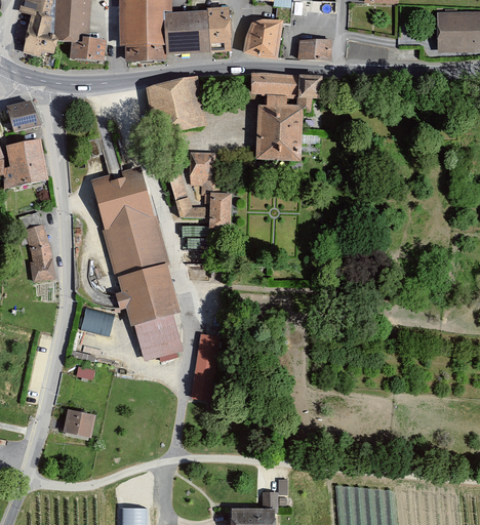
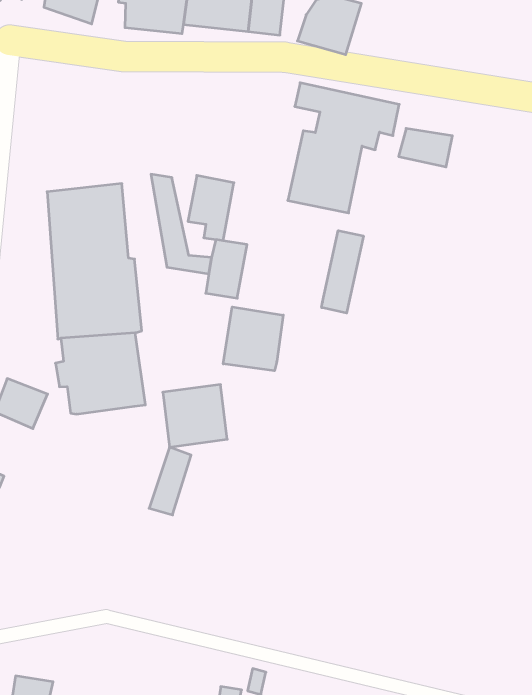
building: [297,39,331,60] -> [399,128,452,167]
building: [148,77,207,135] -> none
building: none -> [322,231,363,313]
building: none -> [223,307,283,371]
building: [134,314,183,361] -> [163,385,227,447]

